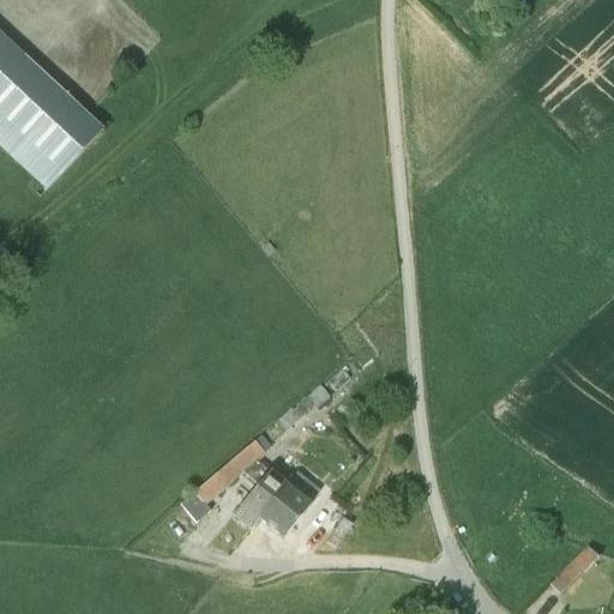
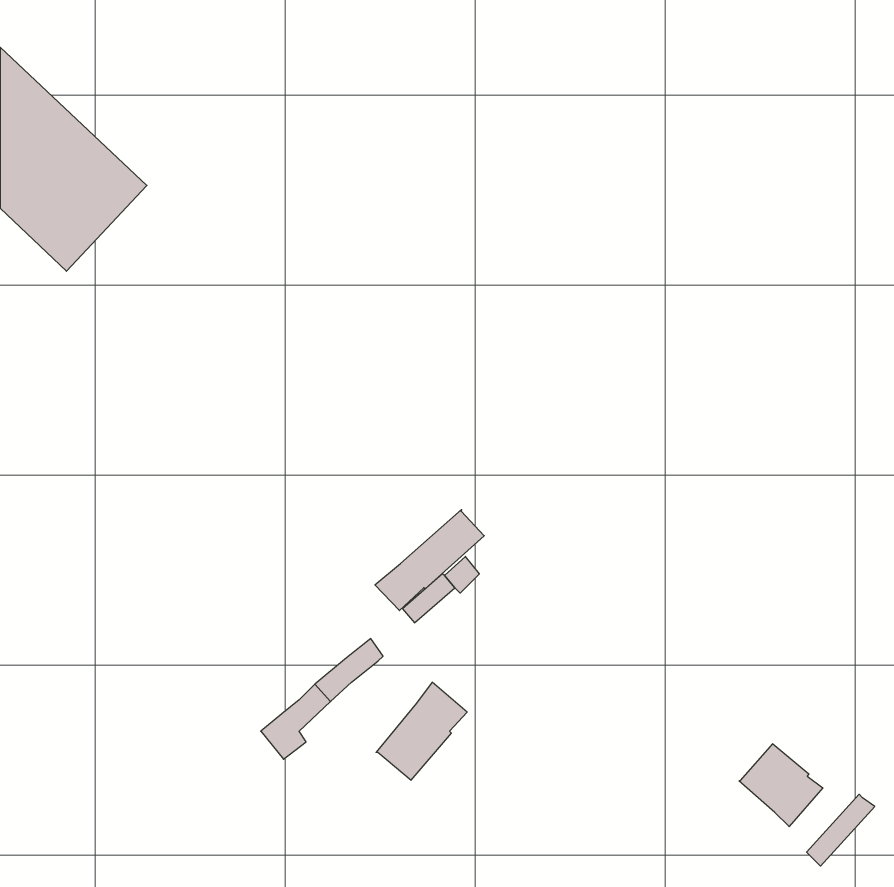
building: none -> [375,510,484,611]
building: [233,457,285,525] -> none
building: none -> [739,744,823,827]

